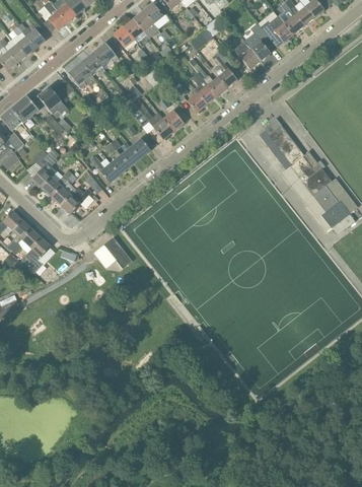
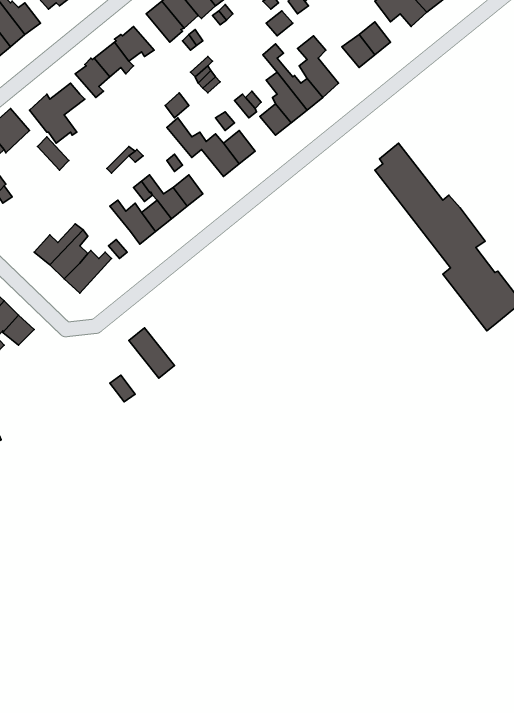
building: [31,148,58,188] -> none
building: [23,237,50,272] -> none

